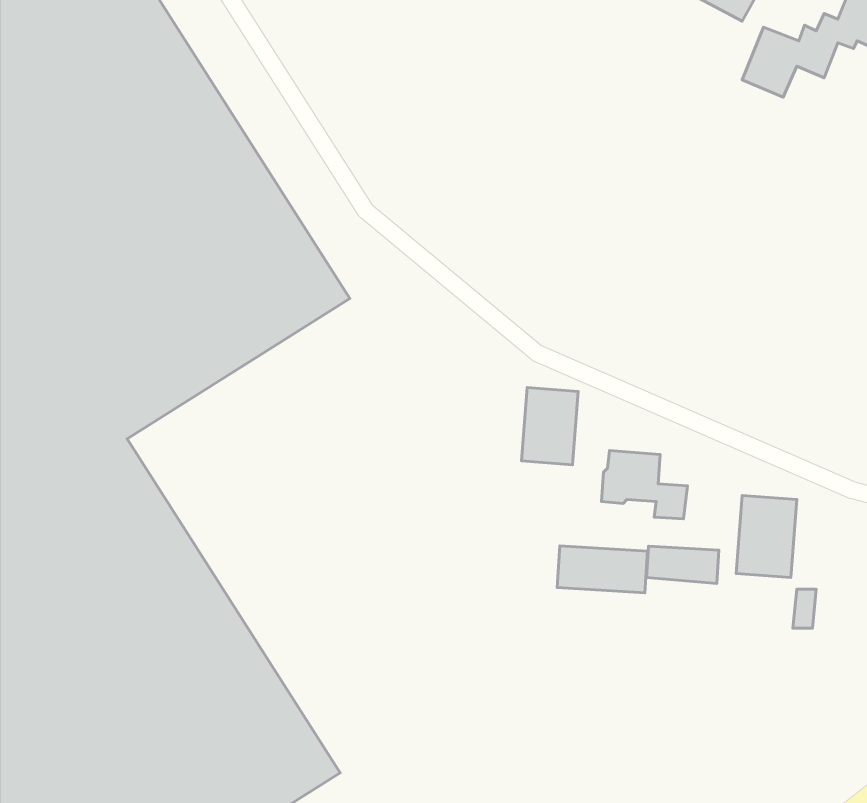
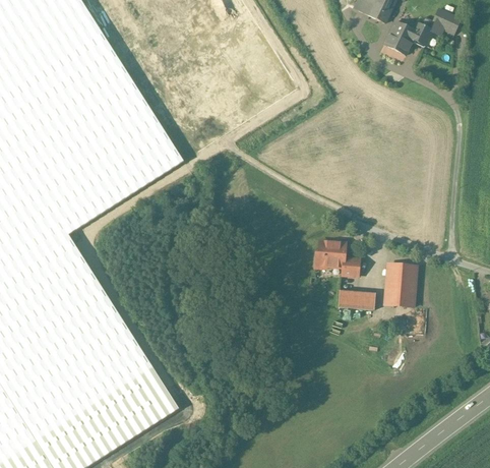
building: [521,387,578,465] -> none
building: [557,546,647,593] -> none

